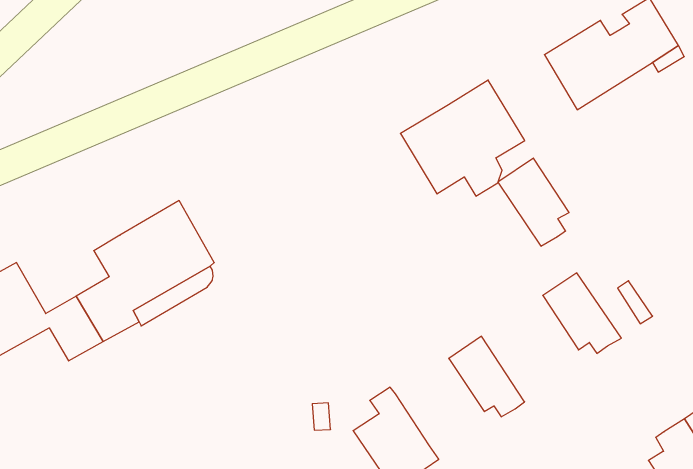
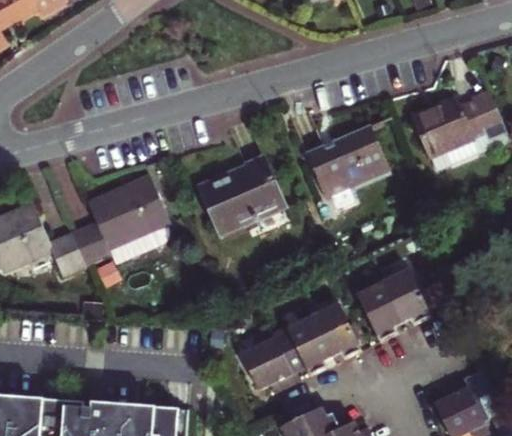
building: none -> [193,154,280,234]
building: [498,158,569,246] -> [357,277,402,337]
building: none -> [275,311,333,372]

